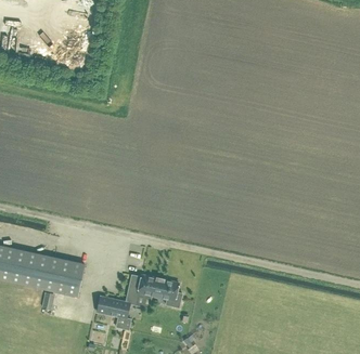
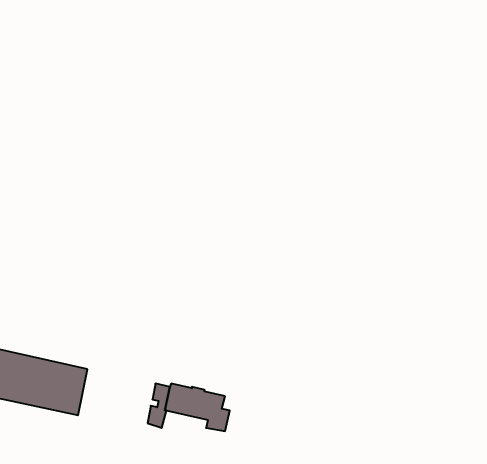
building: [97,296,129,317] -> none

